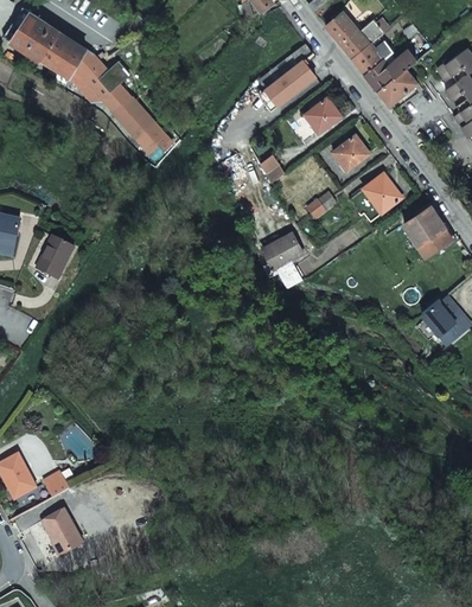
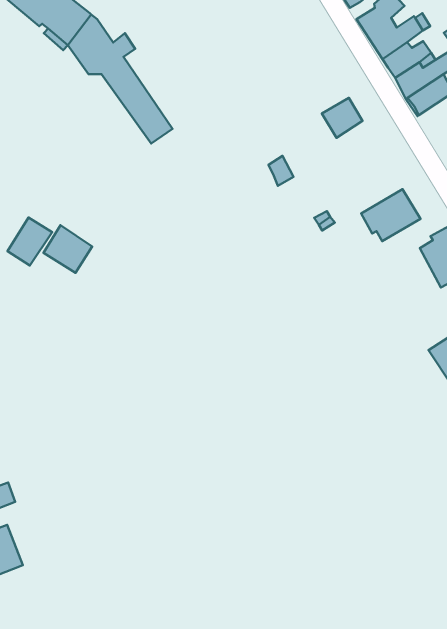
building: [256,44,314,106] -> none
building: [331,135,368,171] -> none
building: [261,232,304,282] -> none
building: none -> [43,225,92,273]

